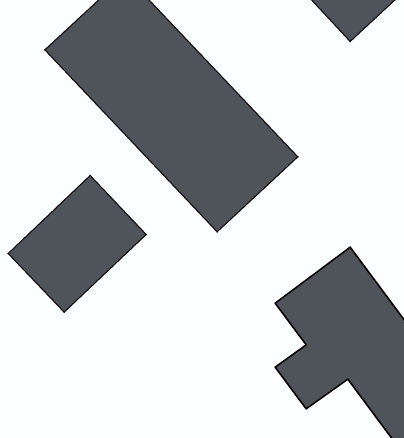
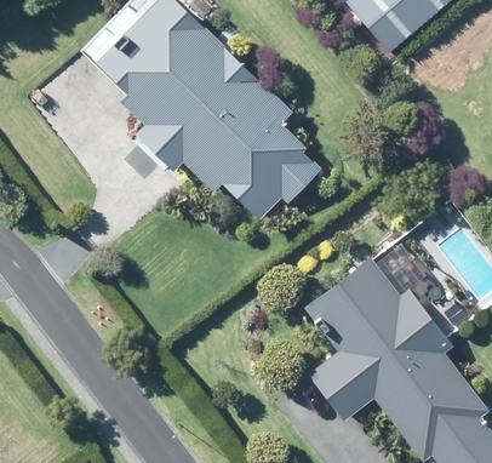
building: [8,176,146,312] -> none

